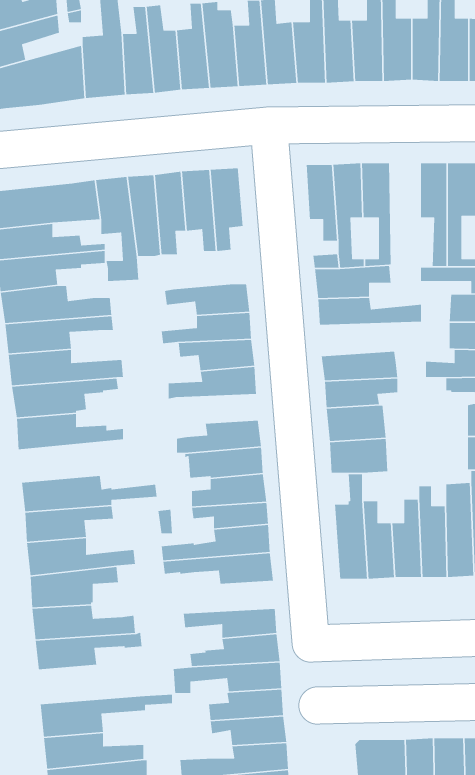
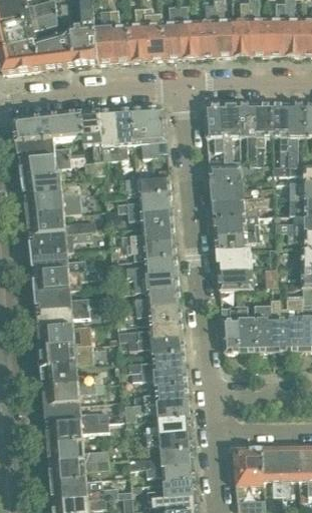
building: none -> [253,103,271,165]
building: none -> [211,198,273,218]
building: none -> [125,241,175,260]
building: none -> [31,269,97,294]
building: none -> [119,353,185,373]
building: none -> [43,403,106,426]

